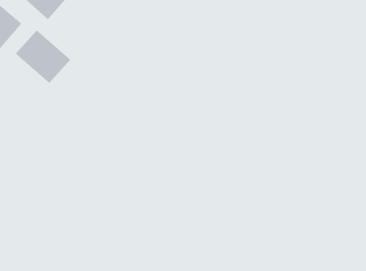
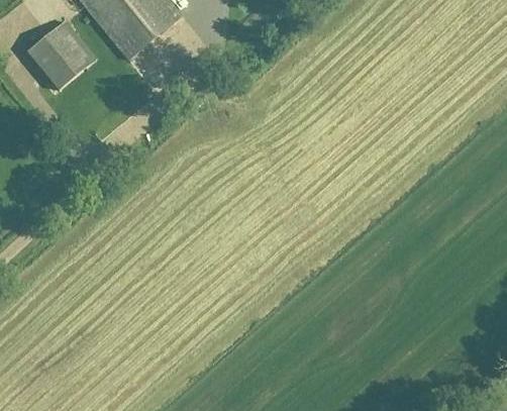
building: [15,30,71,84] -> none

